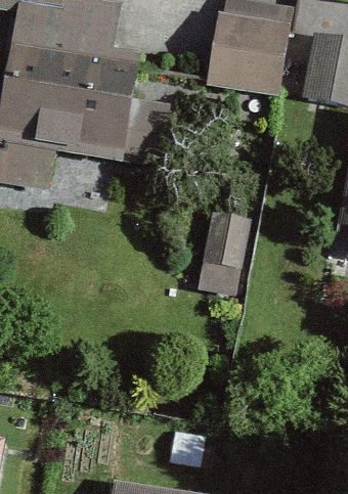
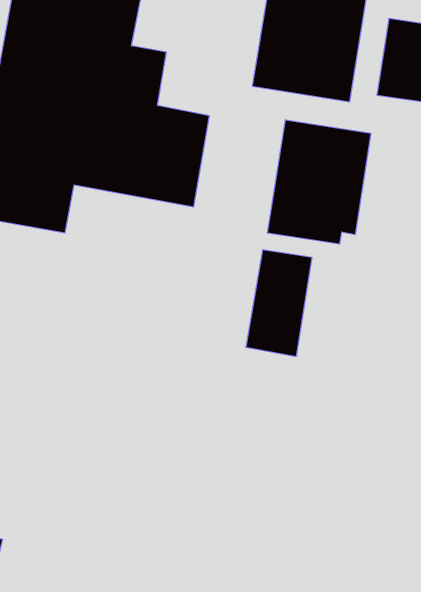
building: none -> [268,120,371,244]

